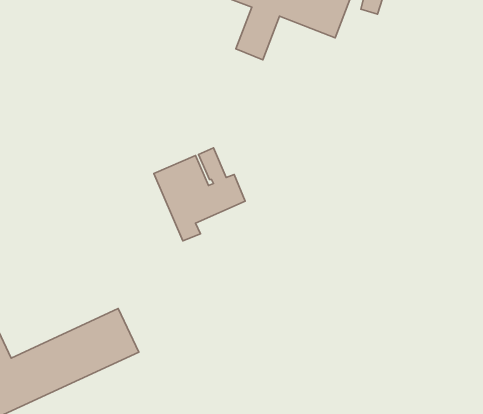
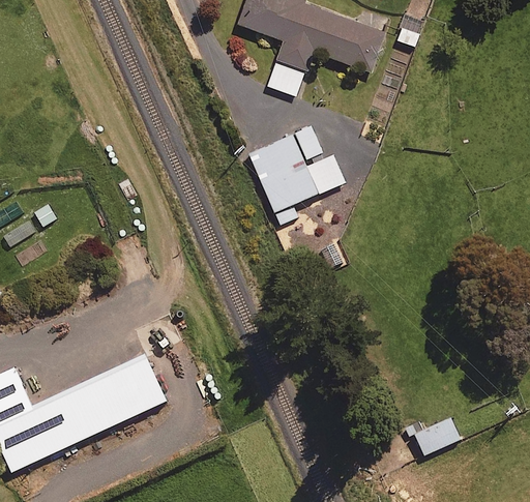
building: [154,148,245,241] -> [248,125,344,223]
building: none -> [418,417,460,453]

